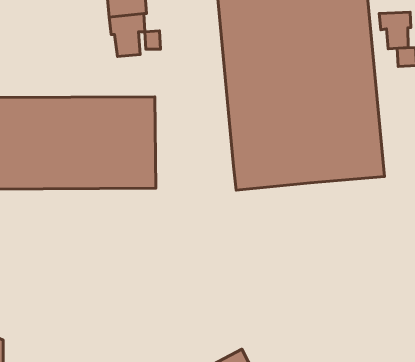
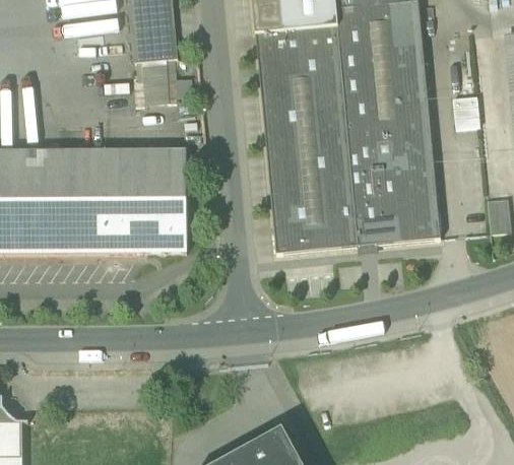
building: [379,12,411,49] -> none

